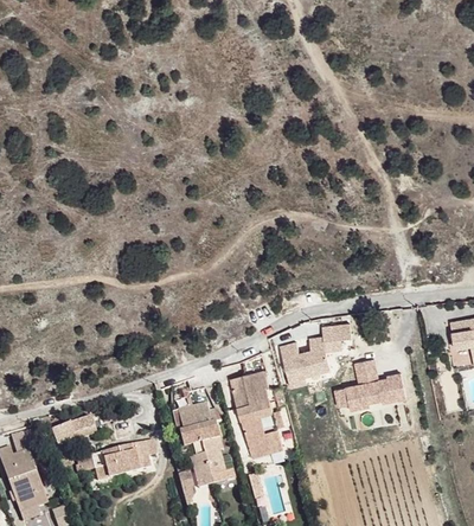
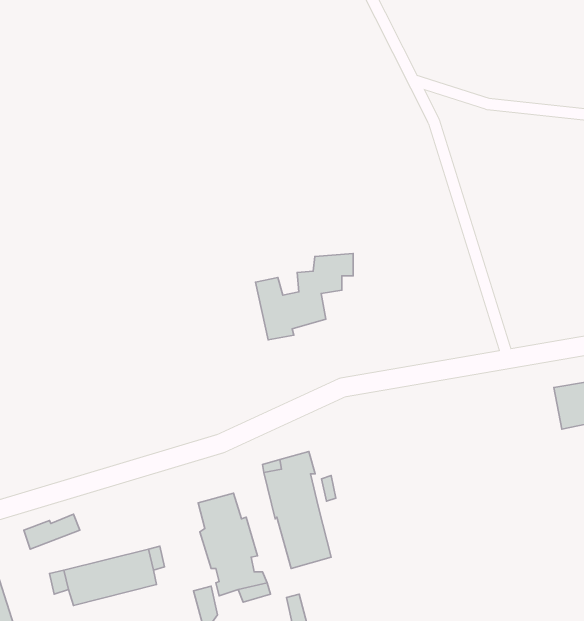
building: [276,325,348,389] -> [255,253,353,340]
building: [332,359,405,412] -> none

